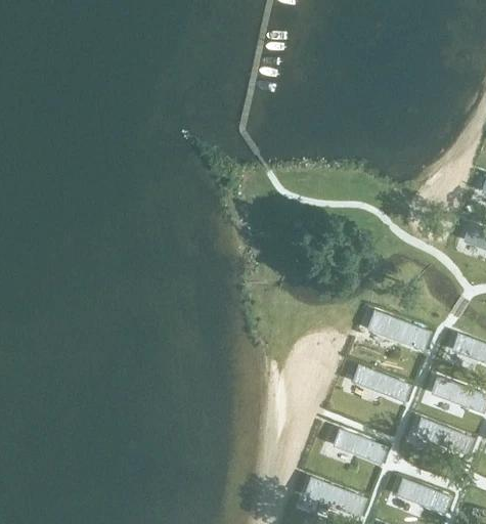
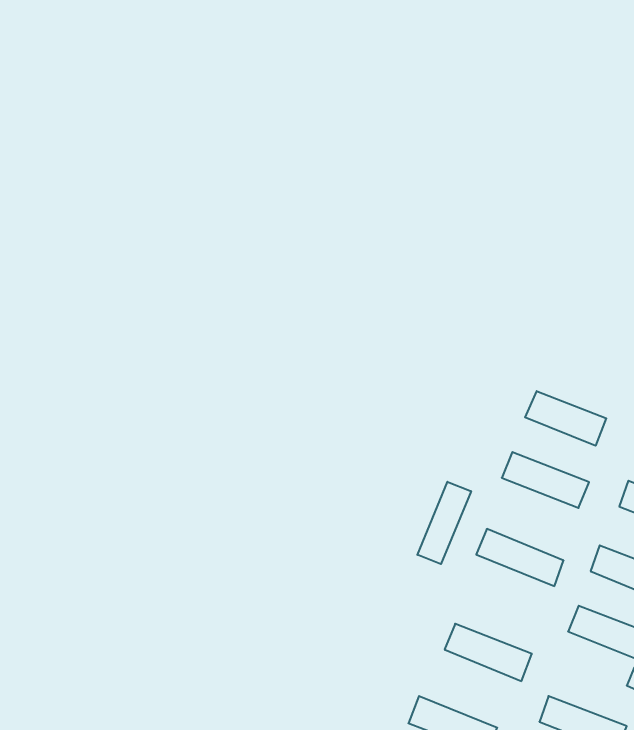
building: none -> [525,391,606,446]
building: none -> [417,482,471,564]

